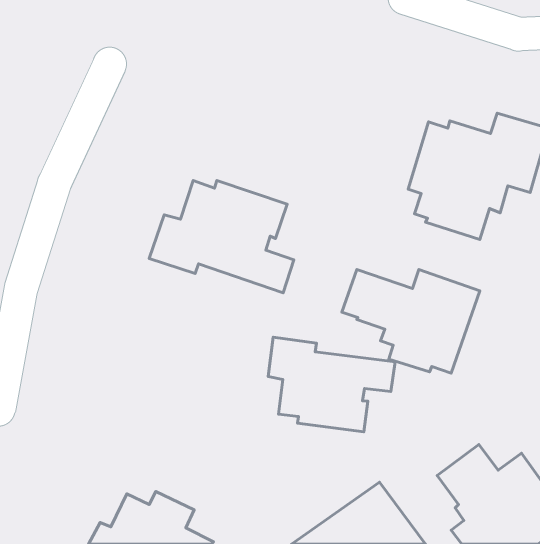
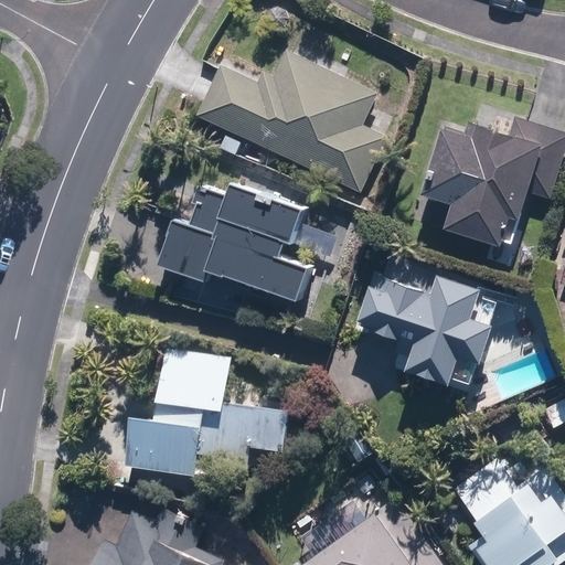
building: none -> [198,50,386,191]
building: none -> [125,348,288,477]
building: [268,337,395,432] -> none

